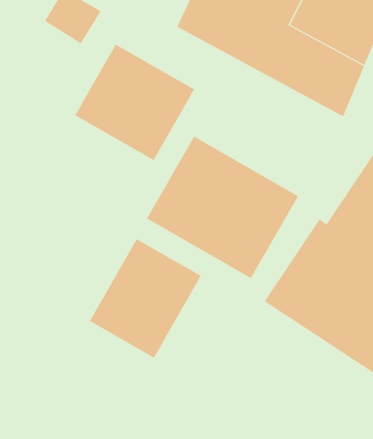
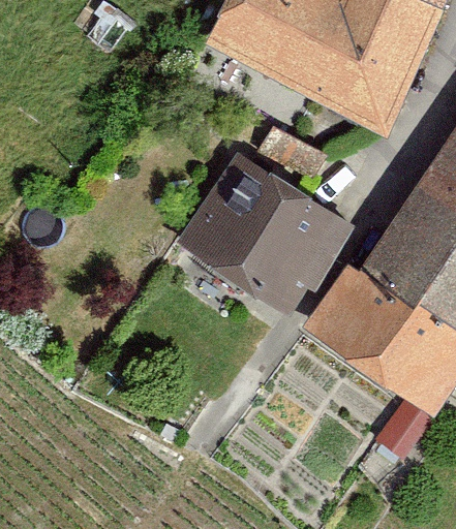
building: [75,44,195,161] -> none
building: [89,238,202,358] -> none

